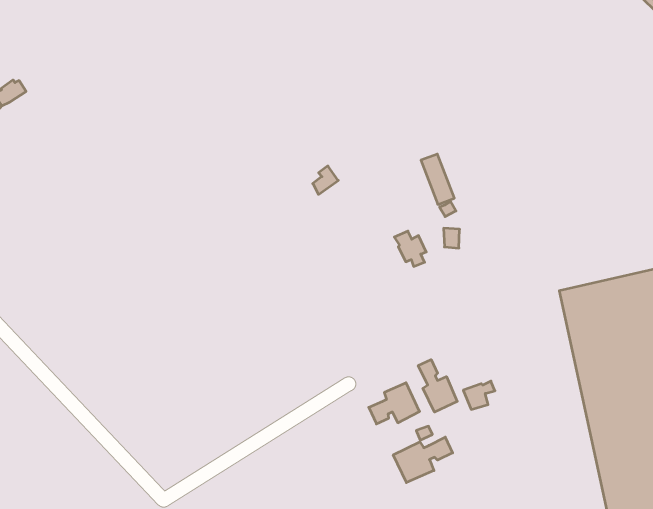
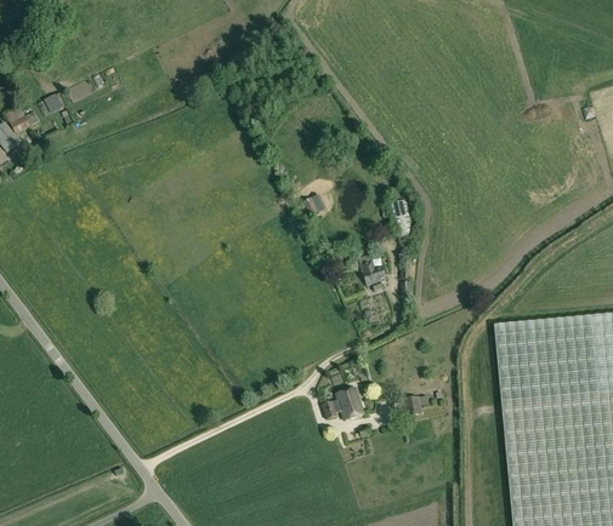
building: [418,360,457,412] -> none
building: [393,437,453,483] -> none

